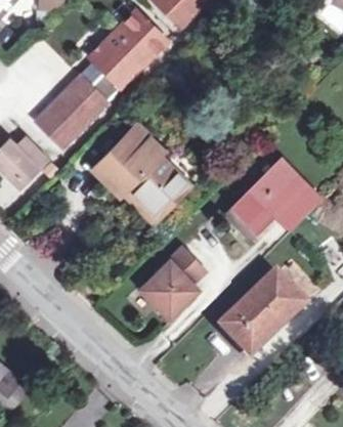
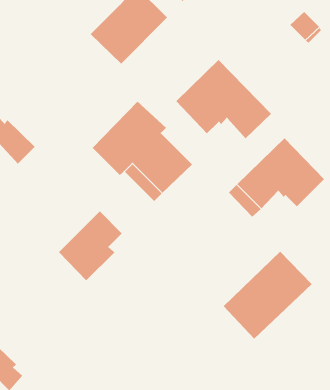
building: [37,77,106,146] -> none
building: none -> [176,59,272,139]
building: [141,248,205,317] -> [58,210,123,281]

